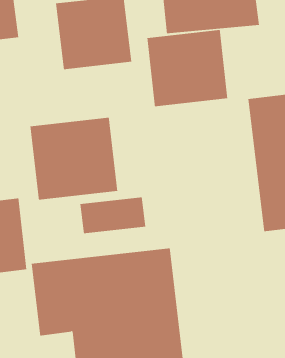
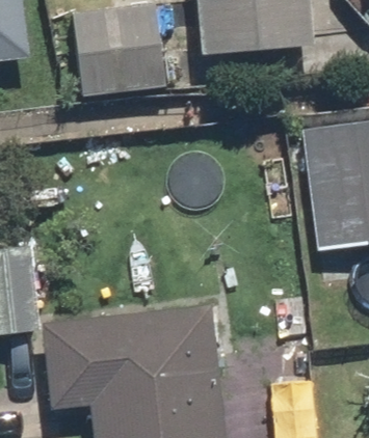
building: [147,29,228,107] -> none
building: [30,117,118,201] -> none

